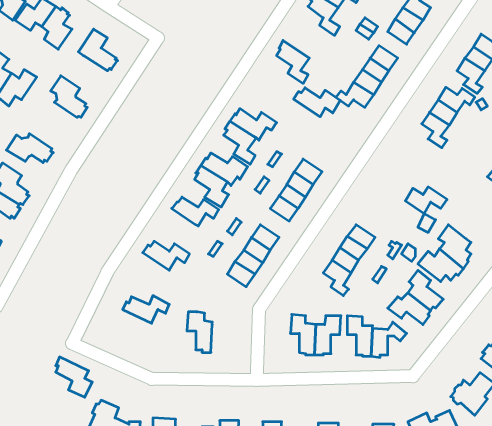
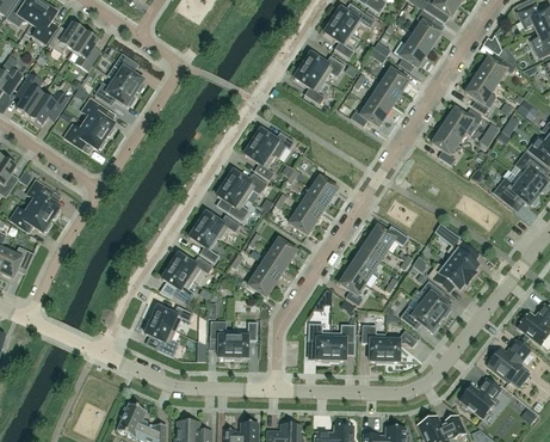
building: none -> [94,78,135,105]
building: [294,88,340,117] -> [301,53,345,80]
building: [6,134,53,163] -> [63,122,107,149]
building: [405,187,447,213] -> [370,225,409,250]
building: none -> [190,222,220,263]
building: none -> [162,264,196,305]
building: none -> [233,321,258,358]
building: [56,357,92,397] -> [146,318,180,356]

